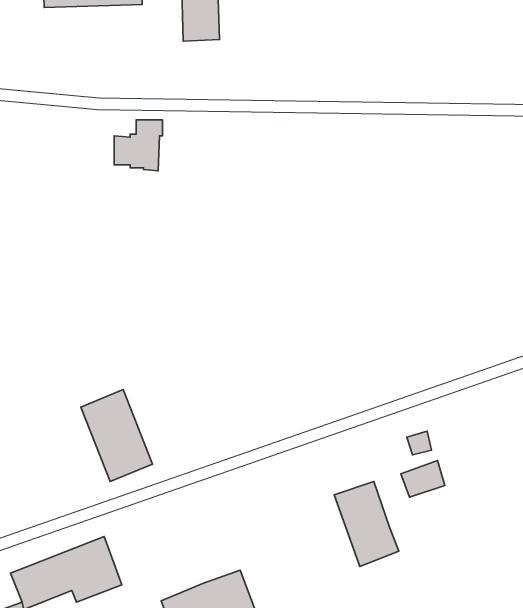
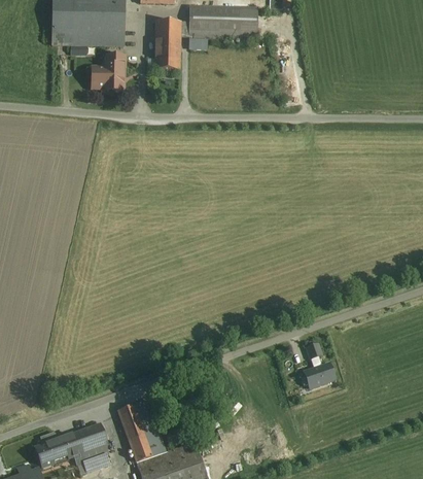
building: [114,120,162,171] -> [94,59,128,95]
building: [81,390,152,482] -> [116,400,167,465]
building: [334,481,399,566] -> none

